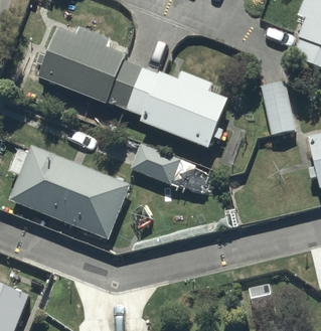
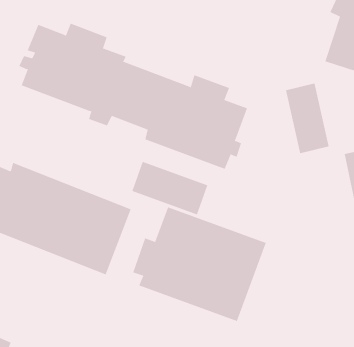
building: none -> [133,207,267,322]

